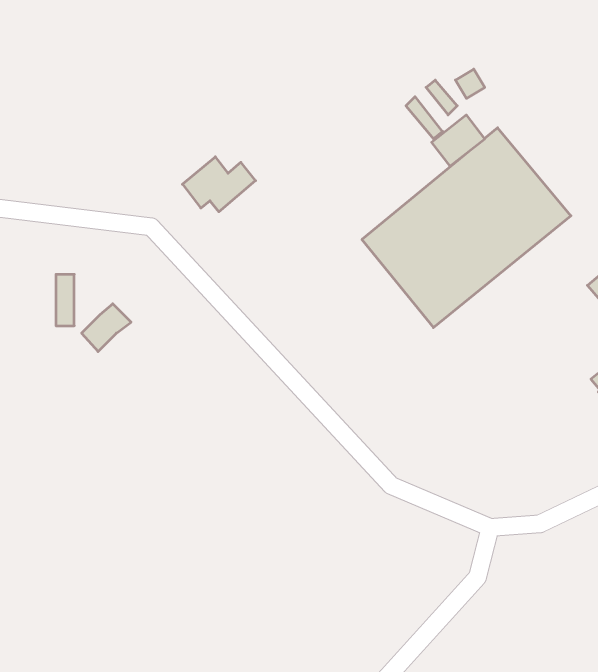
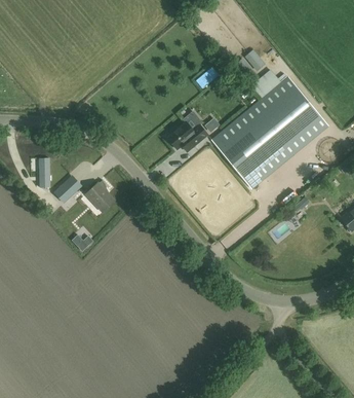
building: [182,157,256,212] -> [166,121,207,152]
building: none -> [85,181,114,212]

